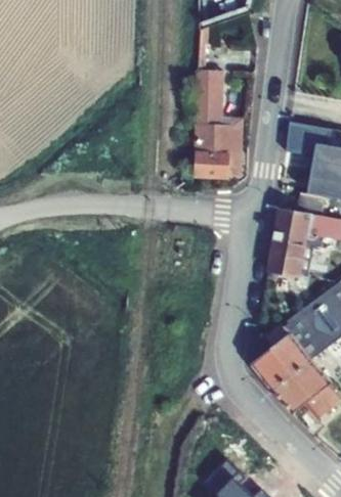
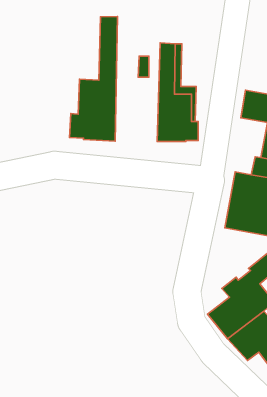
building: none -> [70,16,118,141]

